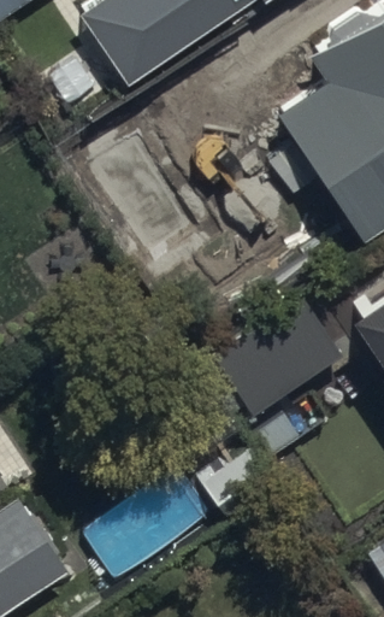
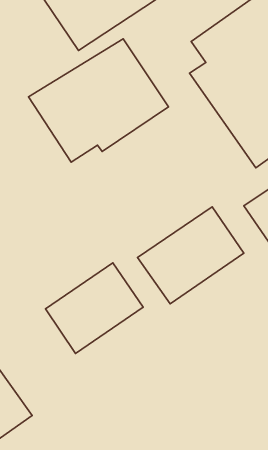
building: none -> [46,263,143,354]

